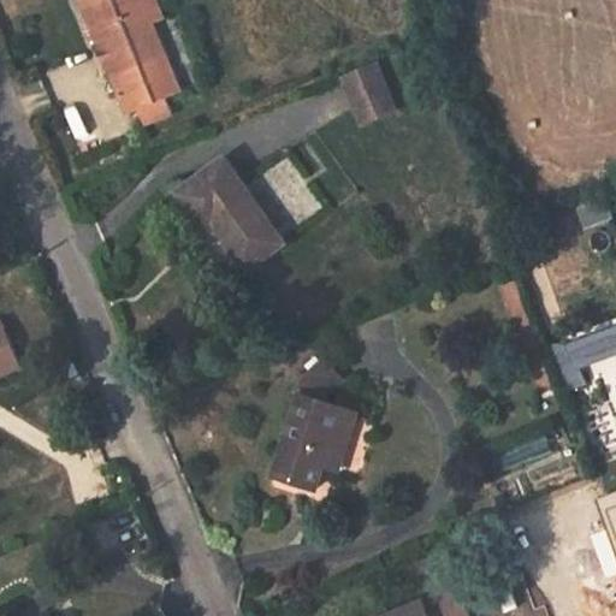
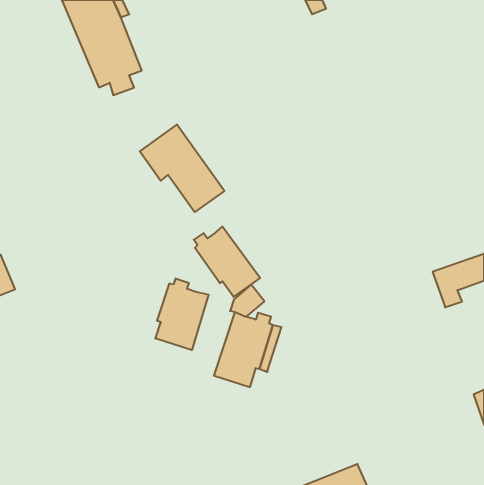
building: [343,66,395,124] -> none
building: none -> [194,227,260,297]
building: none -> [155,278,209,350]

